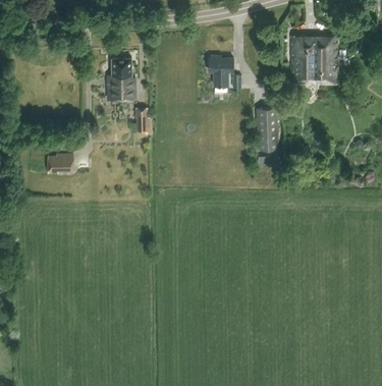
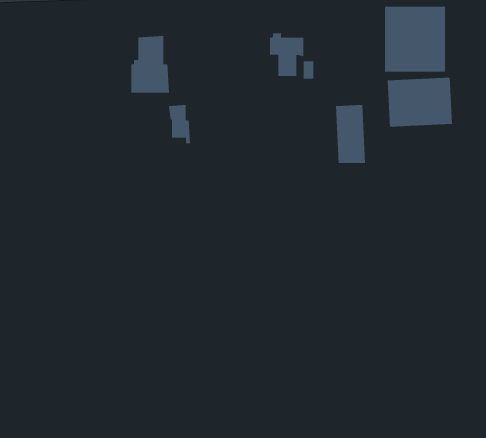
building: none -> [387,77,453,128]
building: [48,154,73,173] -> none

